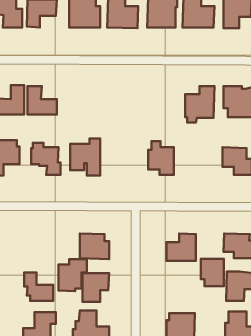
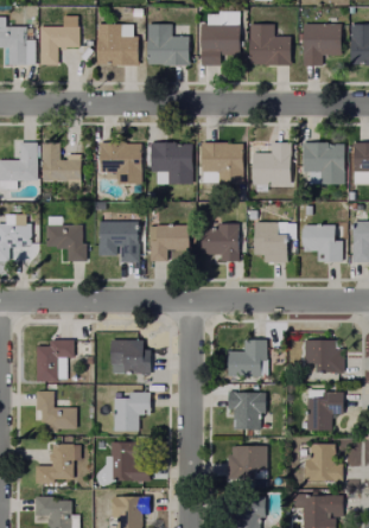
building: none -> [149,141,191,184]
building: none -> [100,142,140,183]
building: none -> [201,142,241,183]
building: none -> [254,222,286,262]
building: none -> [149,225,186,261]
building: [201,259,224,286] -> [228,393,259,430]
building: [58,259,87,291] -> [34,339,72,382]

